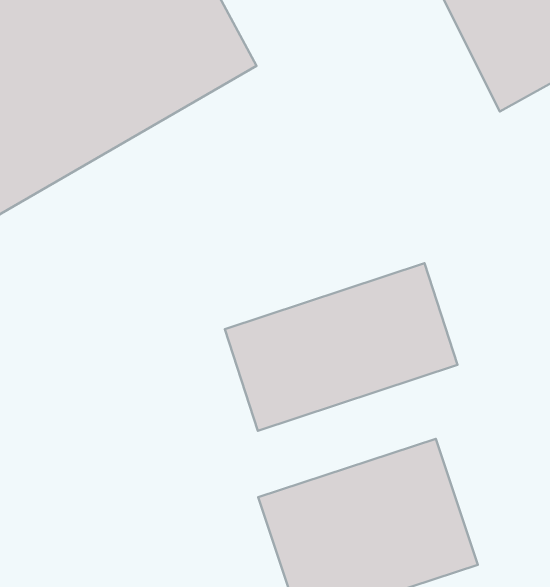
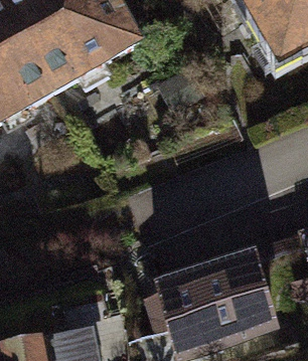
building: [225,263,458,431] -> none

